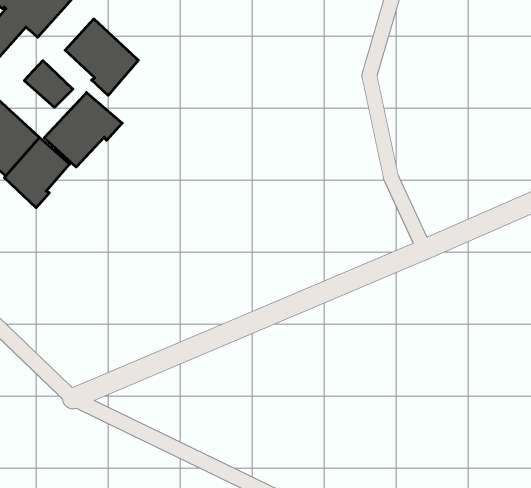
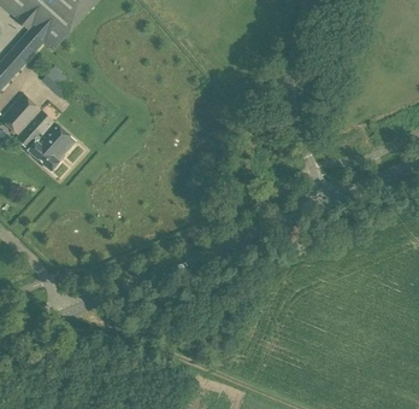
building: [65,19,138,95] -> none
building: [44,92,122,167] -> none

